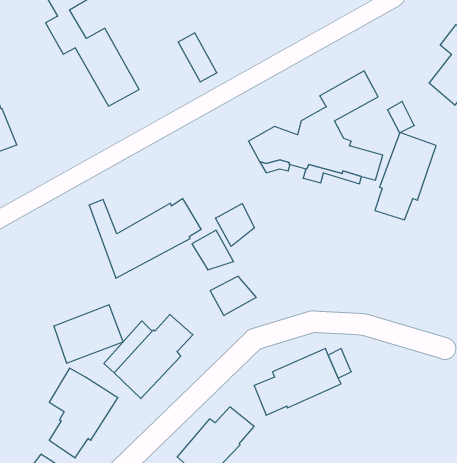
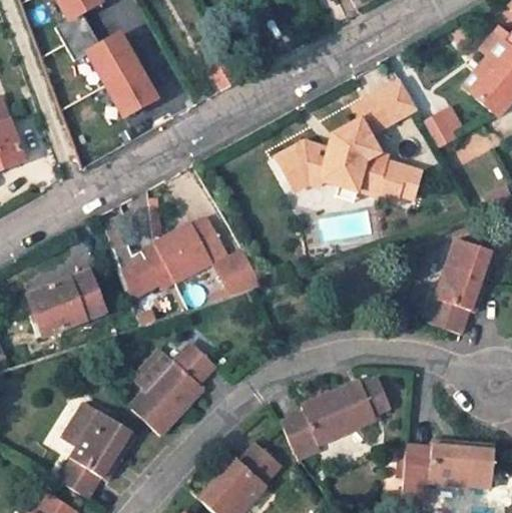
building: [375,133,436,220] -> [430,238,496,333]
building: [215,204,254,246] -> none
building: [210,276,256,316] -> none
building: [54,305,123,363] -> [29,272,104,335]
building: none -> [406,440,496,487]

